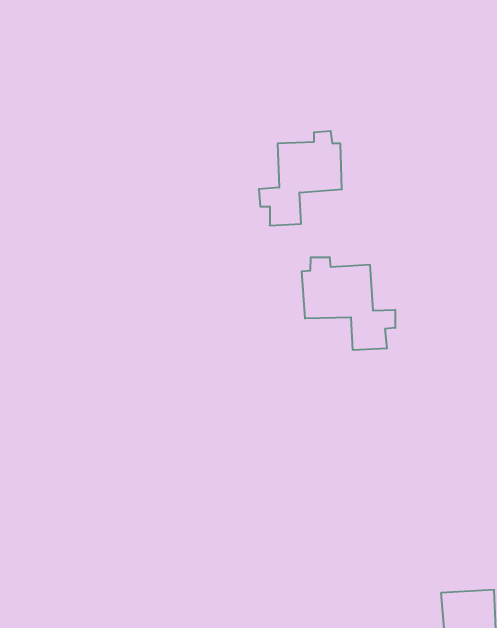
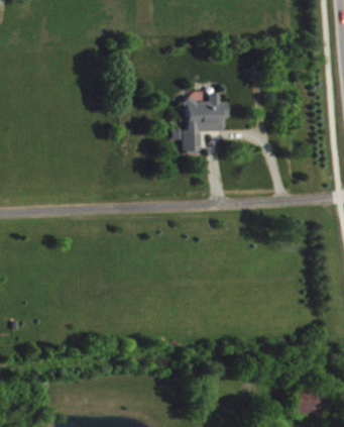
building: [302,257,395,350] -> none

